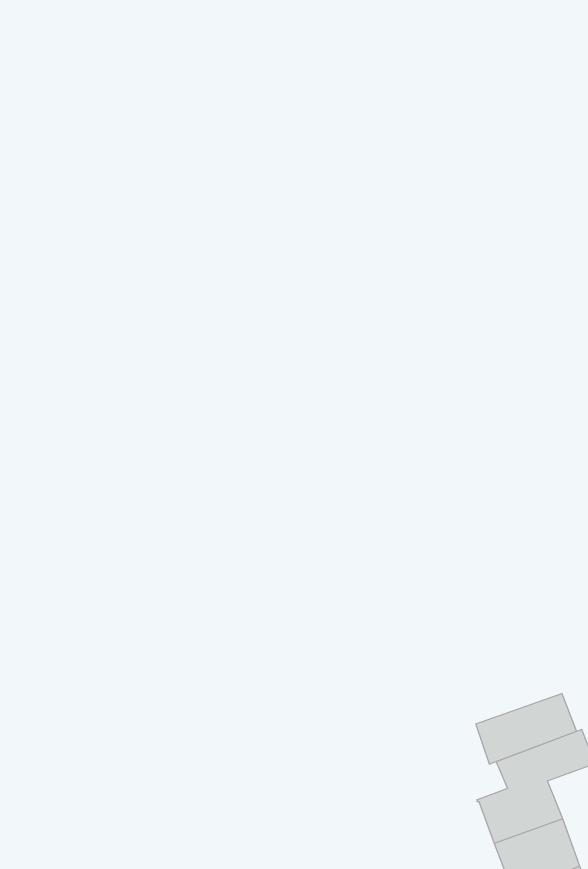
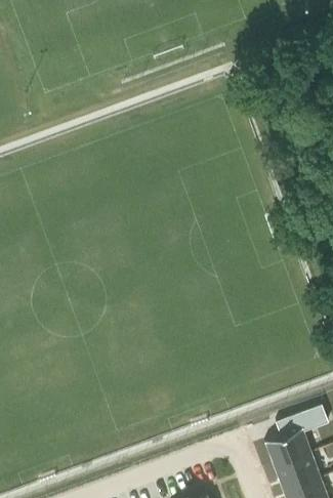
building: [476,693,576,764] -> none

